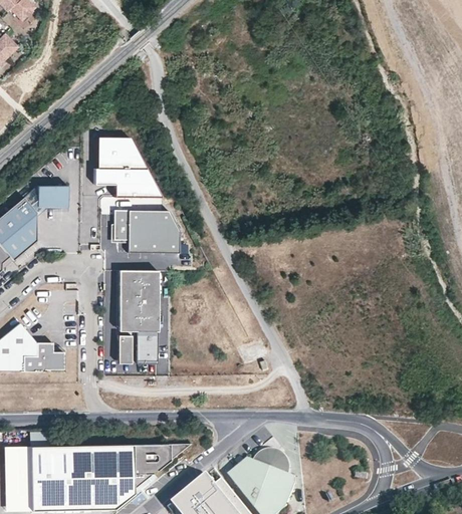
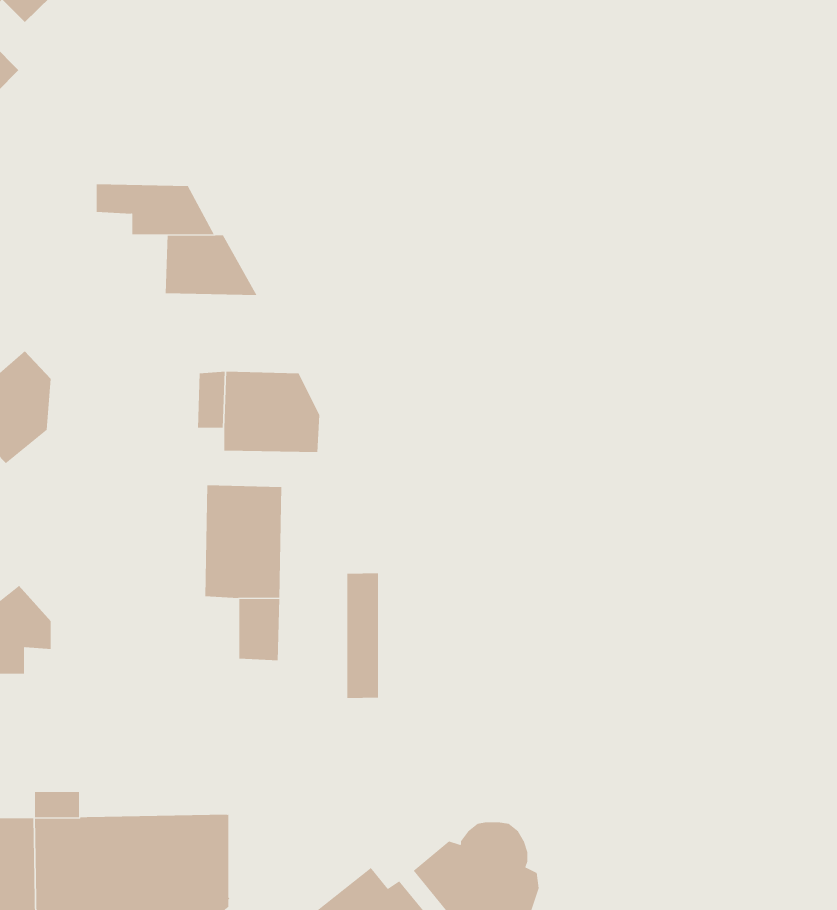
building: [96,169,160,196] -> [96,184,215,235]
building: [37,186,67,206] -> none
building: none -> [347,573,379,699]
building: [118,336,132,363] -> none
building: [22,342,63,370] -> none
building: [131,444,190,490] -> none

